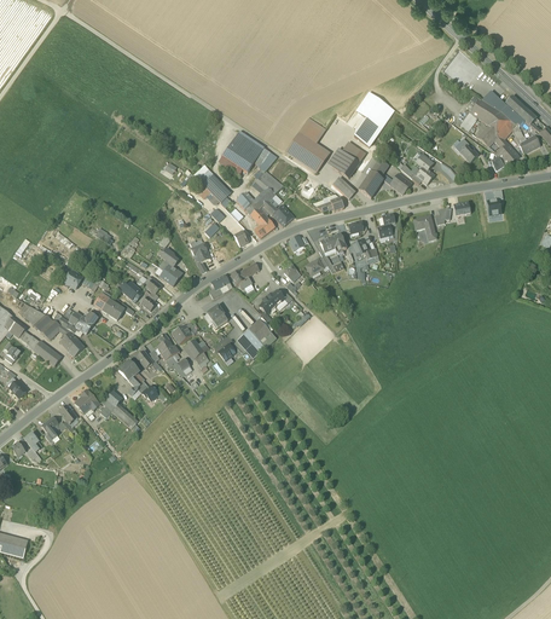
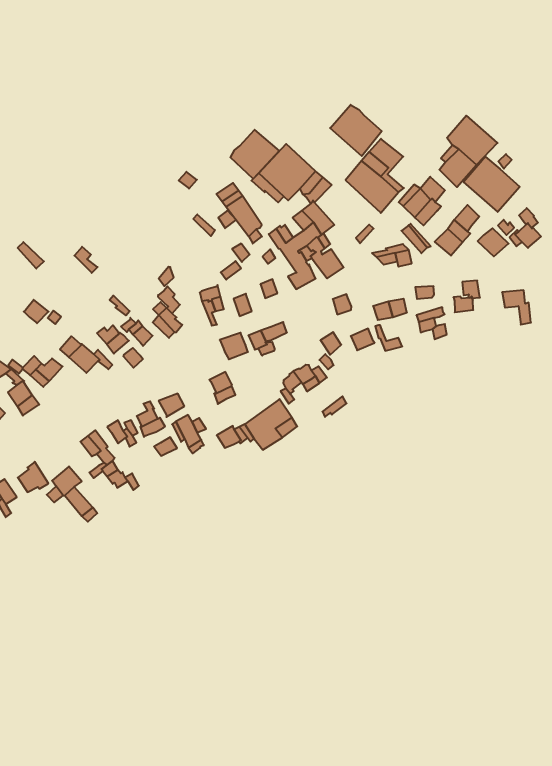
building: none -> [330,105,382,156]
building: none -> [464,157,520,212]
building: none -> [230,130,279,179]

